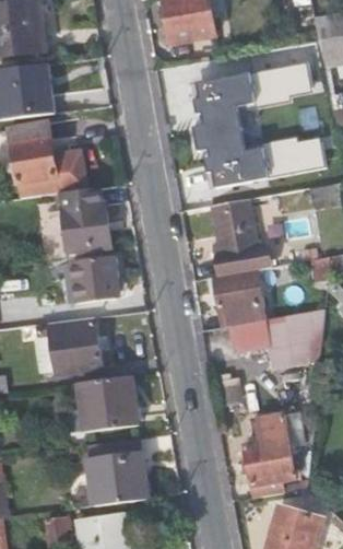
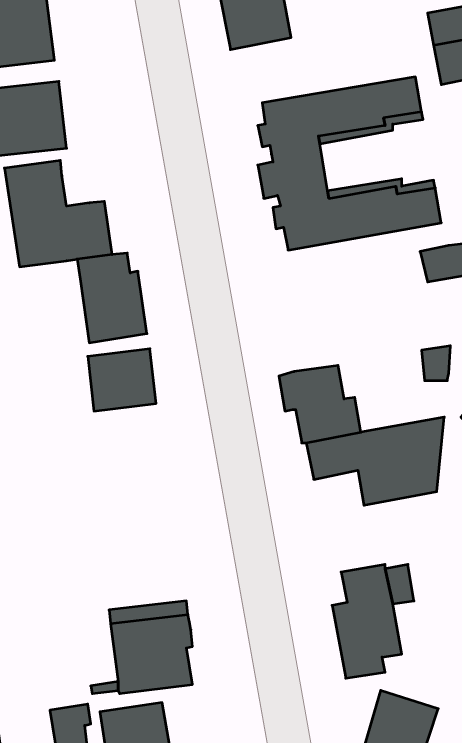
building: [210,199,272,274] -> none
building: [36,317,103,373] -> none
building: [75,376,140,432] -> none

